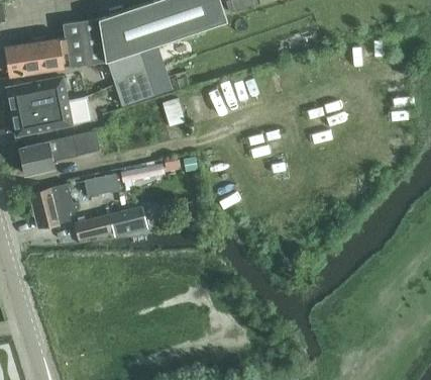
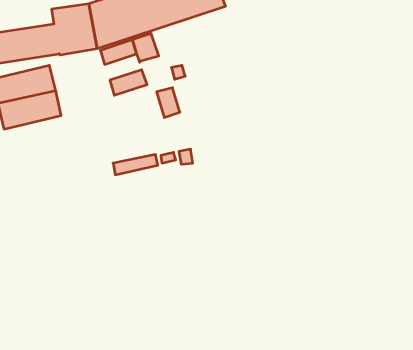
building: [19,132,97,175] -> none
building: [84,174,119,197] -> none
building: [29,183,81,228] -> none
building: [75,207,147,240] -> none

